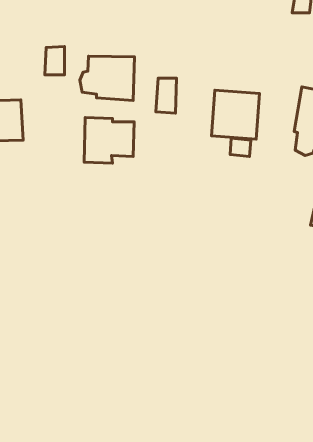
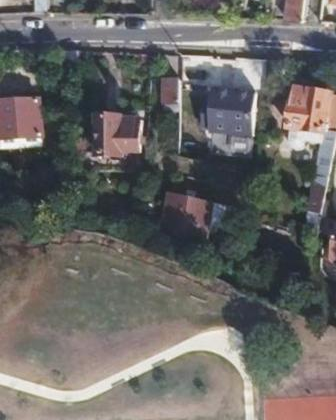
building: [80,56,135,100] -> none
building: none -> [160,195,211,241]

